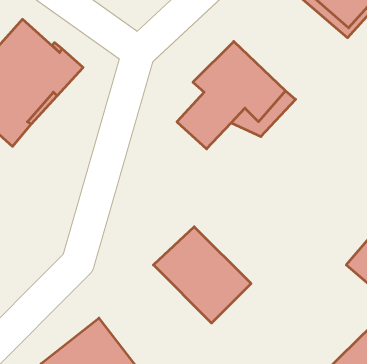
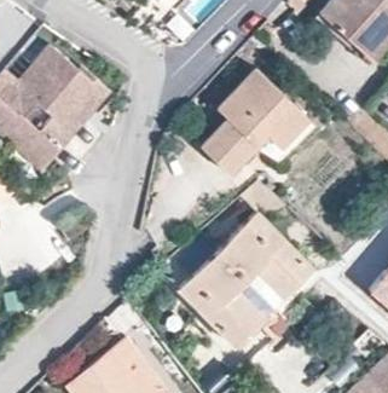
building: none -> [218,179,312,306]

